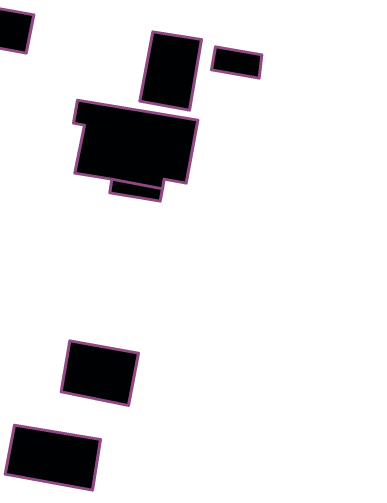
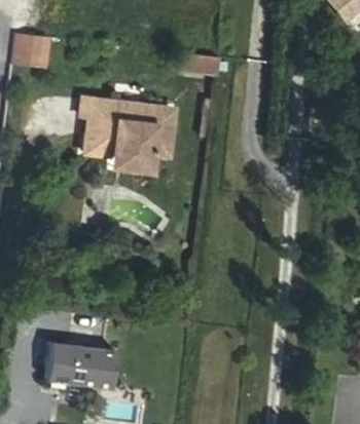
building: [140,32,201,110] -> none
building: [61,341,139,405] -> none

